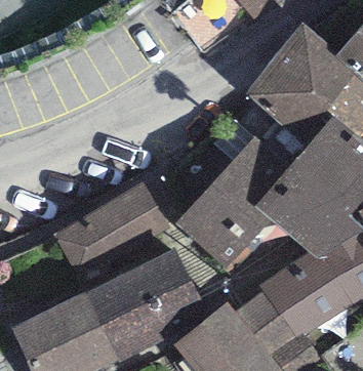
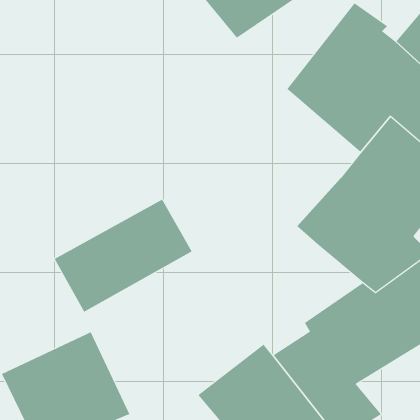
building: [176,135,290,269] -> none
building: [86,250,206,360] -> none

